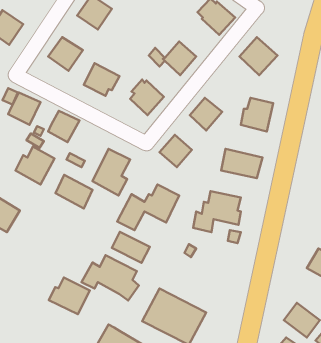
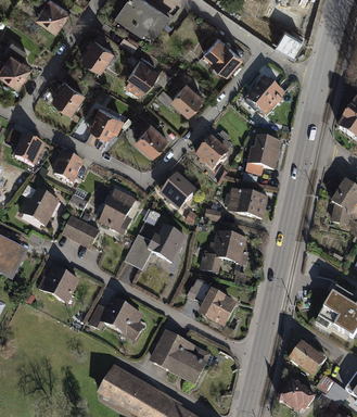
building: none -> [123,58,157,94]
building: [112,232,150,263] -> none
building: none -> [195,290,235,329]
building: [49,277,90,314] -> [36,266,77,303]

